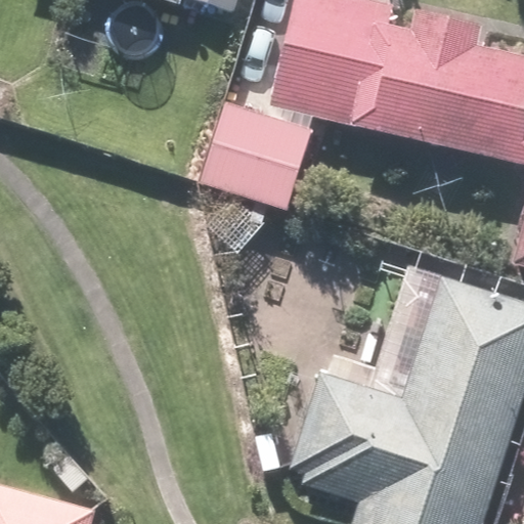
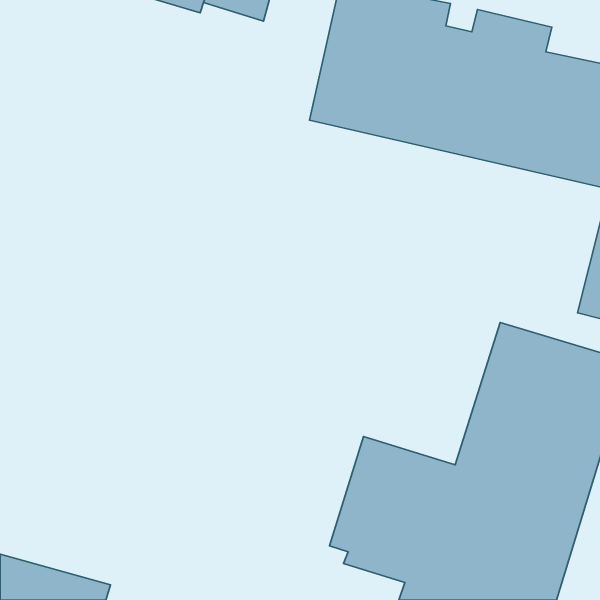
building: [201,100,313,210] -> none

